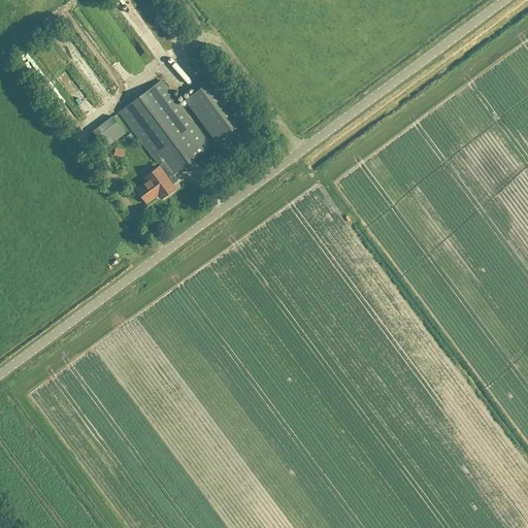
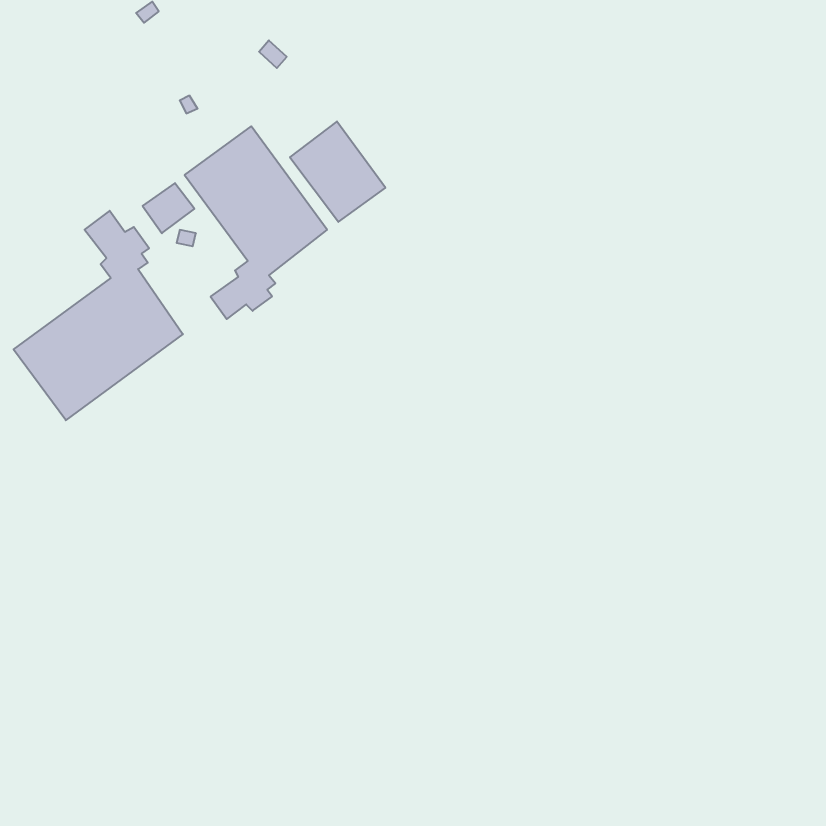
building: none -> [14,211,183,420]

